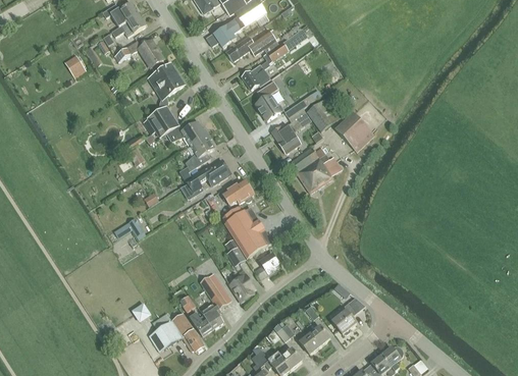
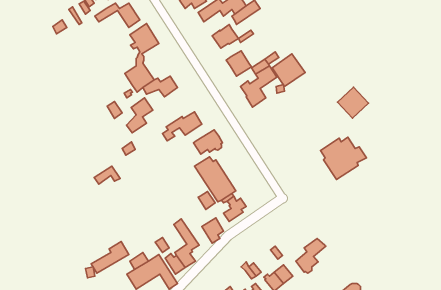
building: [341,118,374,152] -> [338,87,369,118]
building: [185,132,213,170] -> [127,98,153,133]
building: [292,147,342,193] -> [321,137,367,180]

